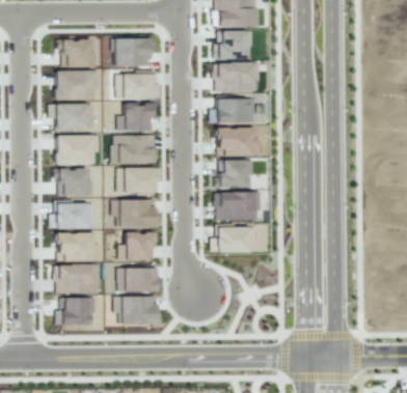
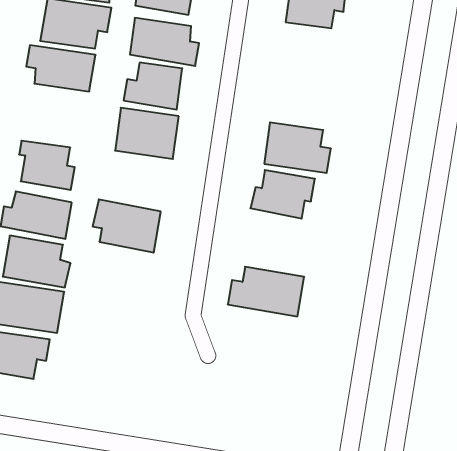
building: [215,62,260,92] -> none
building: [217,99,256,123] -> none
building: [56,135,101,165] -> none
building: [117,168,163,193] -> none
building: [217,192,262,221] -> none
building: [119,232,159,261] -> none
building: [119,268,158,292] -> none
building: [115,297,158,325] -> none

